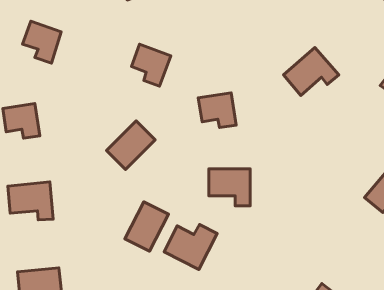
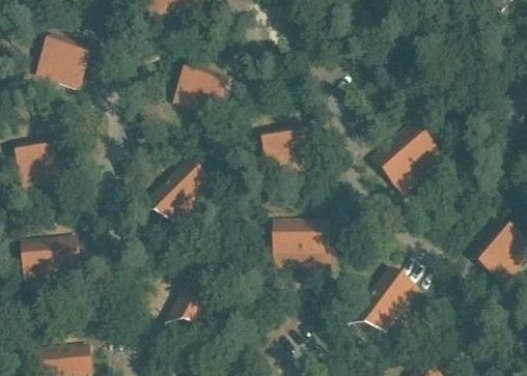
building: [283,48,339,95] -> [372,123,442,183]
building: none -> [354,268,413,331]
building: [164,224,217,270] -> none

